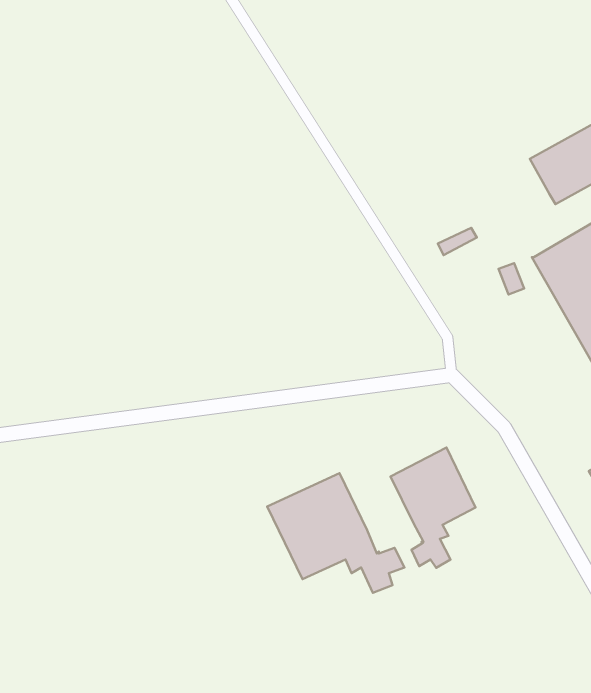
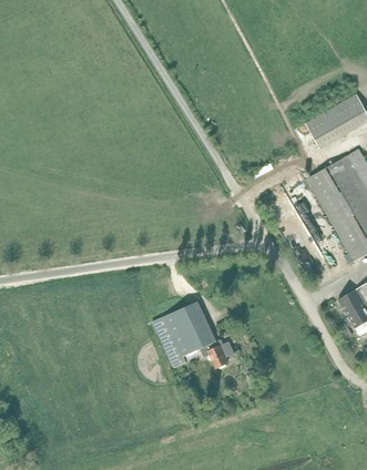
building: [390,448,476,568] -> none

